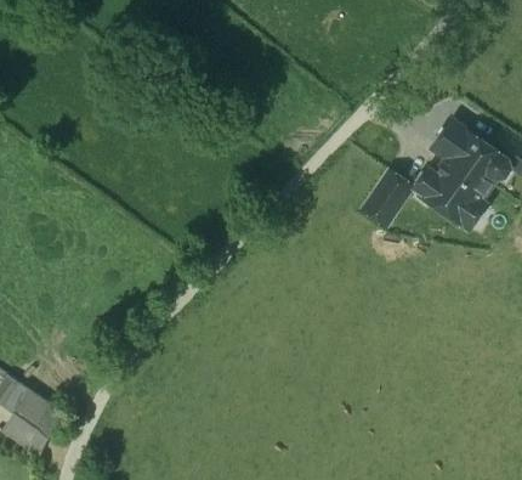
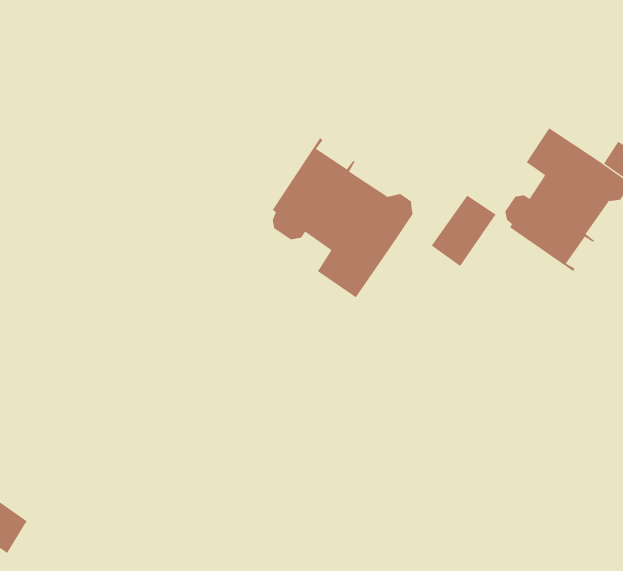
building: none -> [272,137,413,298]

